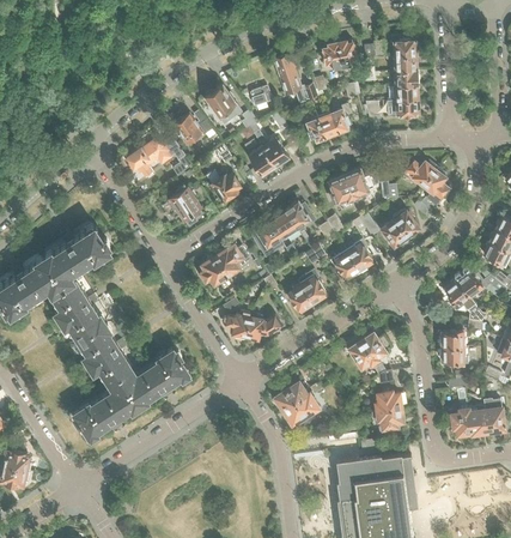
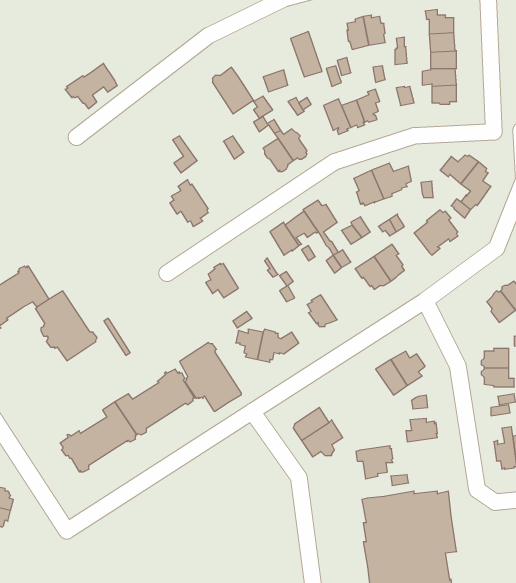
building: [174,111,209,145] -> none
building: [124,139,170,179] -> [65,63,117,109]
building: [206,171,239,201] -> none
building: [44,226,110,288] -> none
building: [214,244,250,278] -> none
building: [297,270,326,306] -> none
building: [78,325,132,385] -> [180,342,241,411]
building: [371,409,403,437] -> [356,446,393,479]

